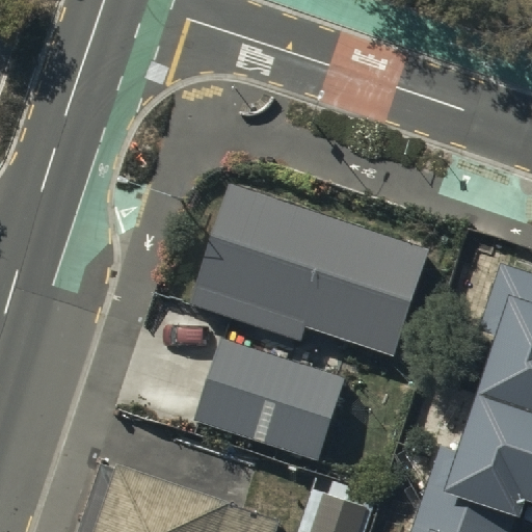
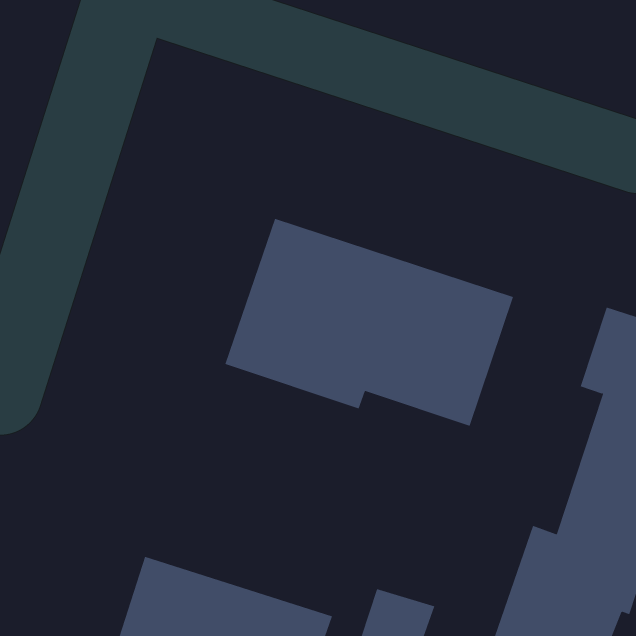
building: [195,341,342,459] -> none

